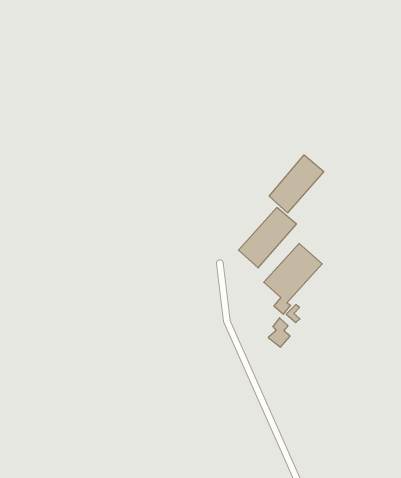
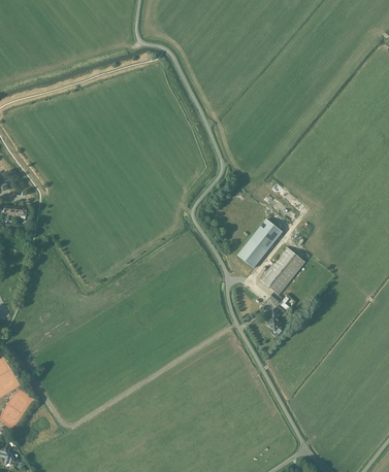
building: [269,155,324,213] -> none

